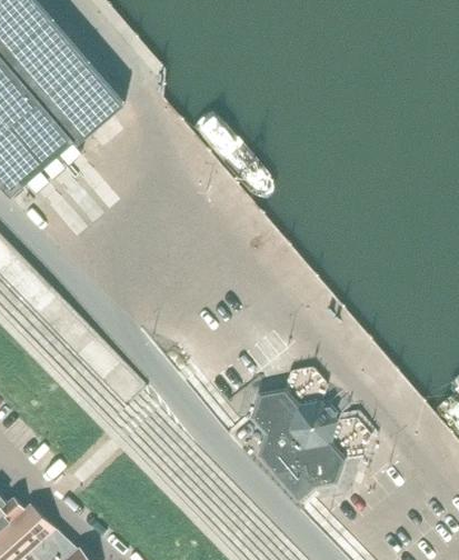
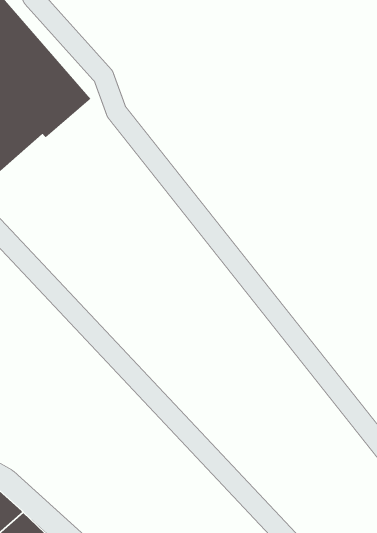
building: [252,392,341,498] -> none

